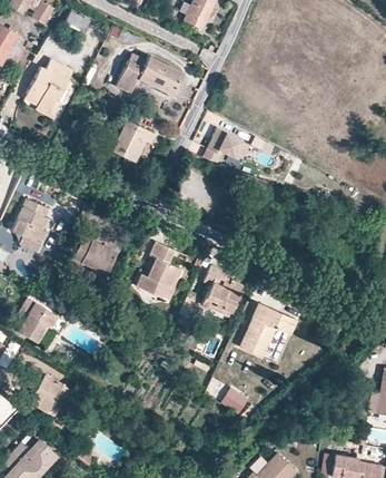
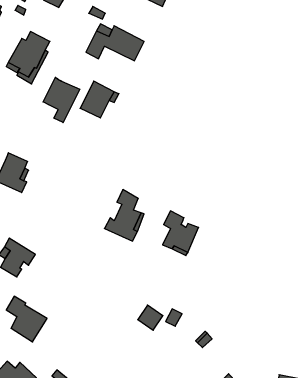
building: none -> [43,77,80,123]
building: [201,126,248,162] -> none
building: [73,236,118,275] -> none
building: [239,303,296,357] -> none
building: [219,384,248,413] -> [138,305,163,330]

